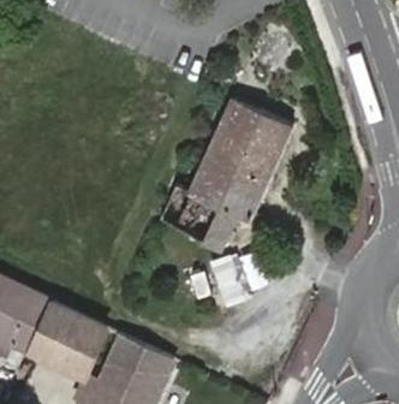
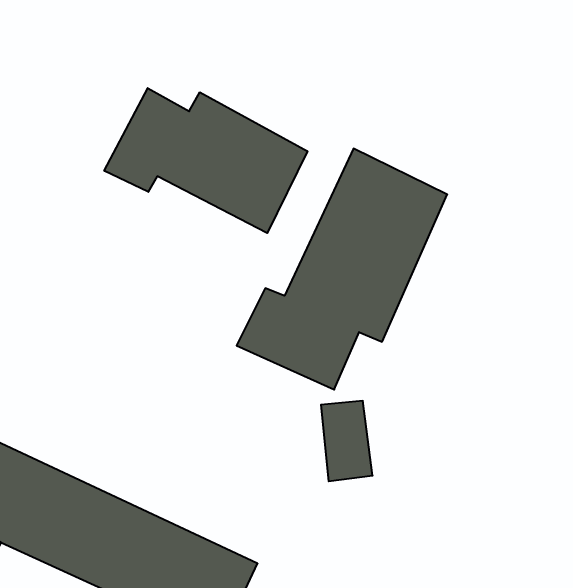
building: none -> [104,88,307,233]

